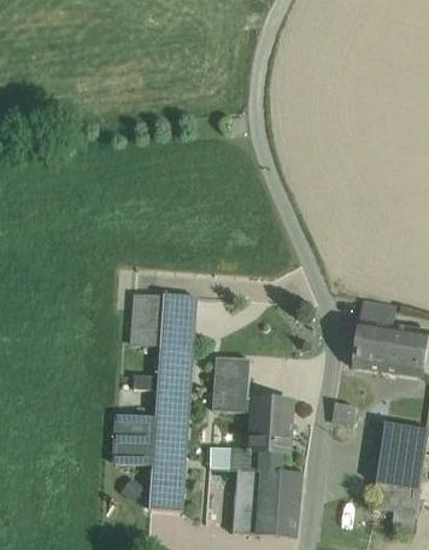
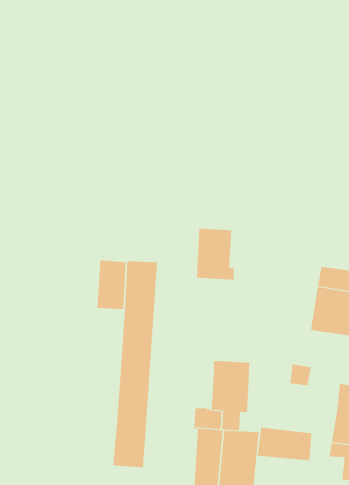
building: [213,357,253,411] -> [196,228,234,280]
building: [113,415,155,464] -> none
building: none -> [257,427,312,461]

